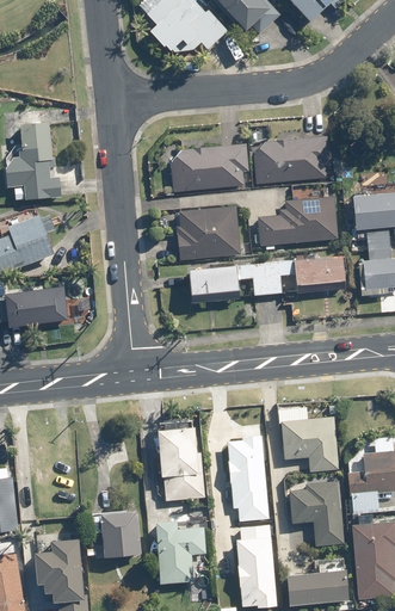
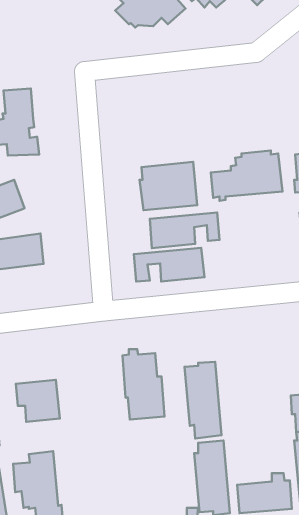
building: [253,137,331,184] -> none
building: [166,144,249,196] -> none
building: [264,257,344,295] -> [134,248,204,281]
building: [280,415,338,471] -> none
building: [288,480,344,545] -> none
building: [91,507,141,555] -> [16,380,60,422]
building: [154,517,205,581] -> none

